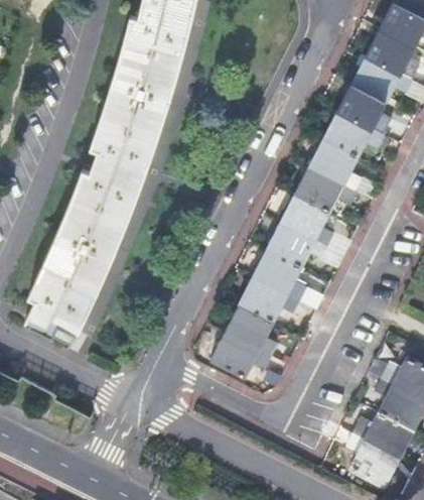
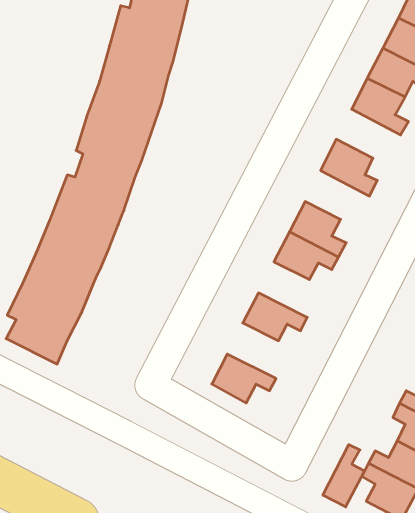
building: [325,111,384,155] -> none
building: [297,166,356,211] -> none
building: [255,249,306,299] -> none
building: [227,304,277,355] -> none
building: none -> [323,445,365,507]

